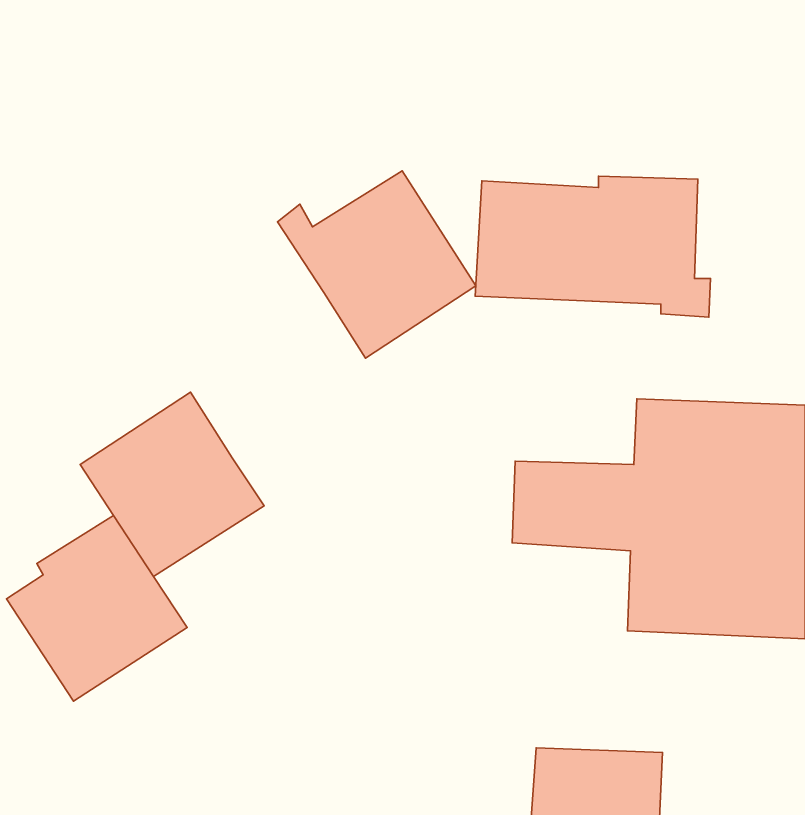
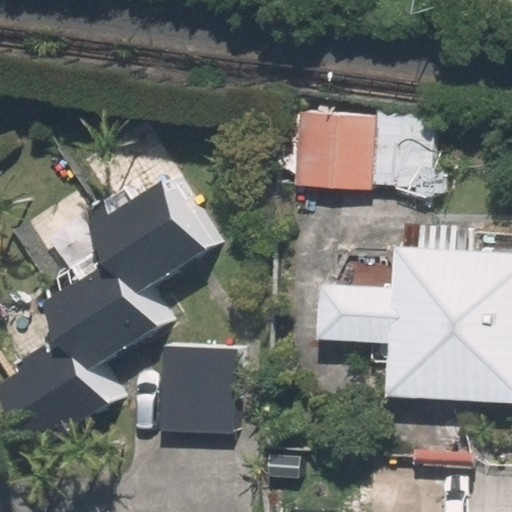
building: [277,171,476,358] -> [90,171,214,288]
building: none -> [158,341,239,429]

